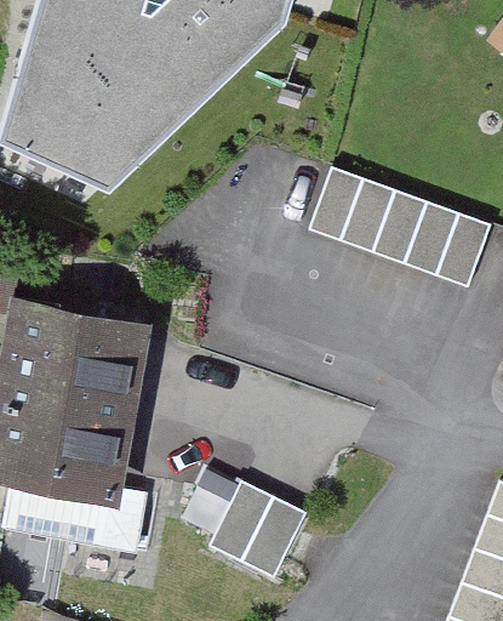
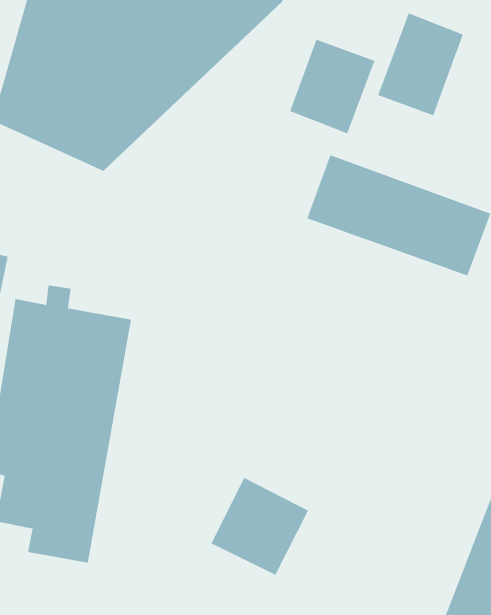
building: none -> [378,12,464,116]
building: none -> [289,39,375,134]

